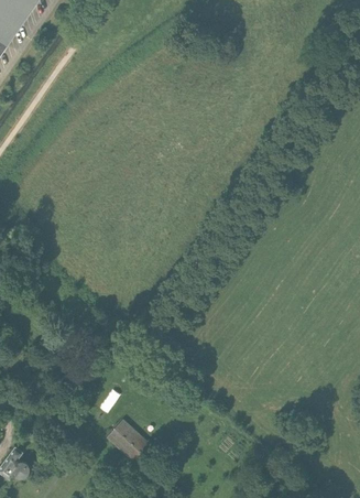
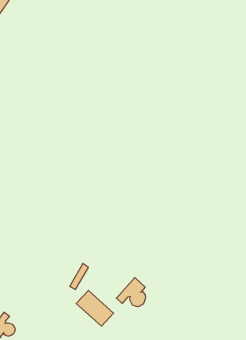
building: none -> [116,278,146,307]

